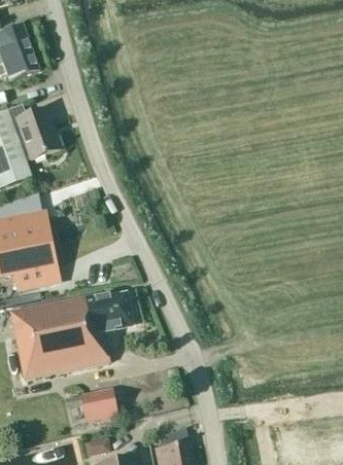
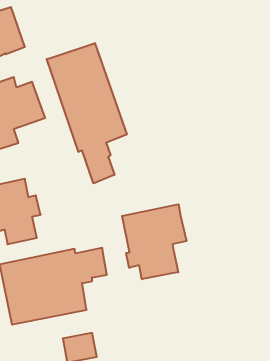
building: none -> [47,43,127,183]
building: none -> [122,204,186,279]

